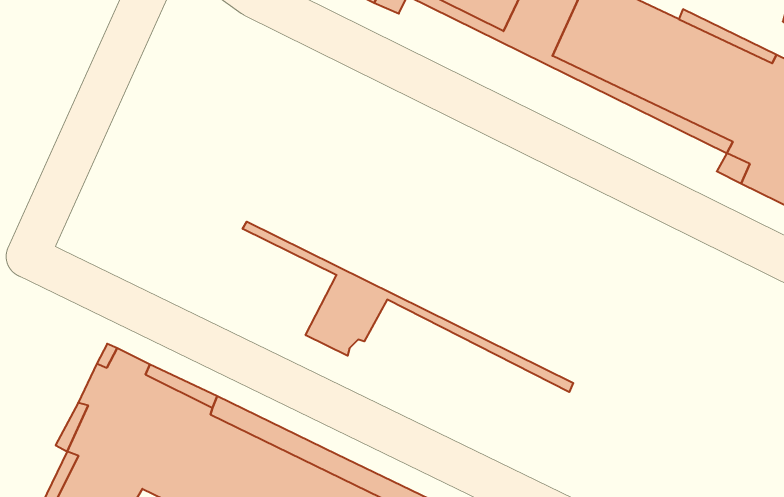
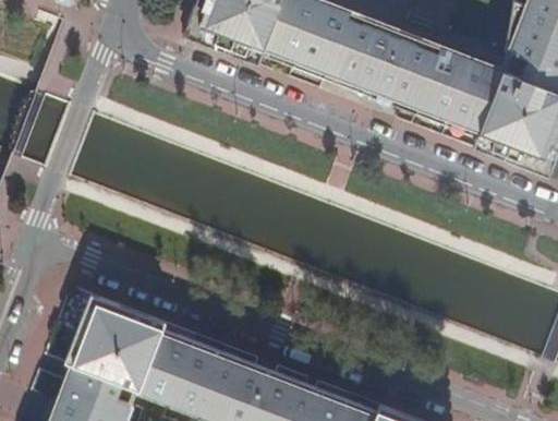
building: [243,222,573,392] -> none

